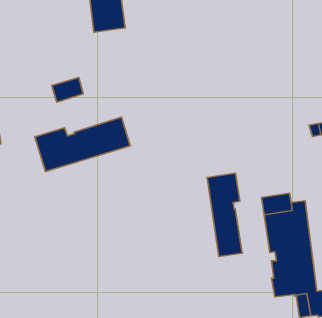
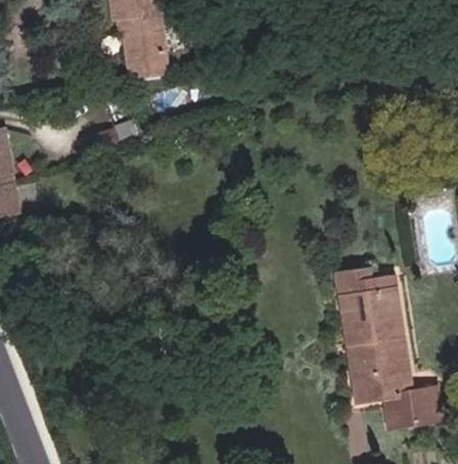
building: [35,117,130,172] -> none
building: [207,173,242,257] -> none

